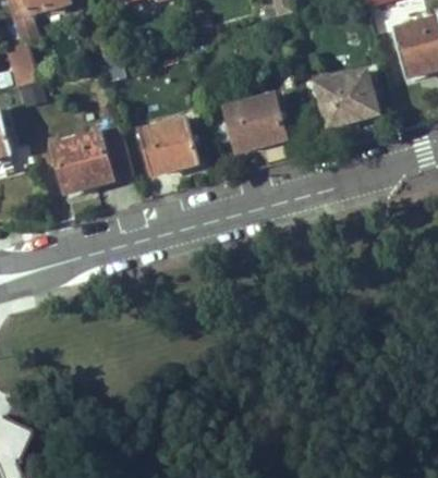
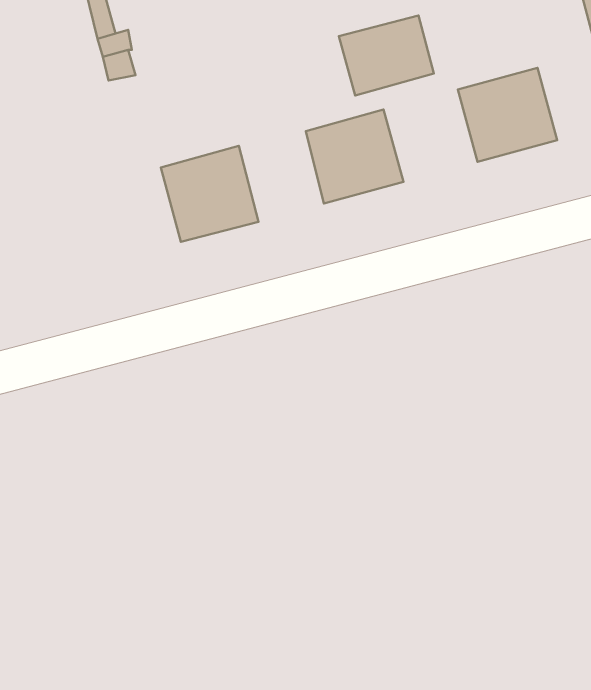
building: none -> [339,15,434,95]
building: [51,127,131,193] -> none

